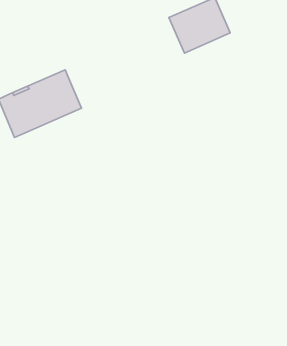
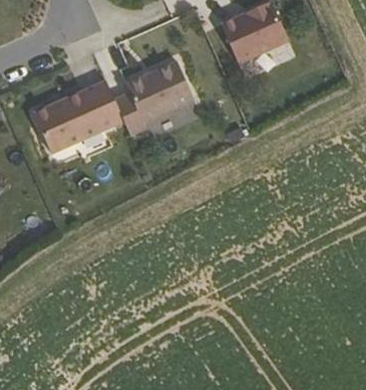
building: none -> [113,61,193,135]

